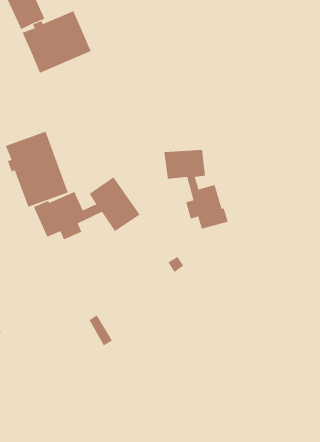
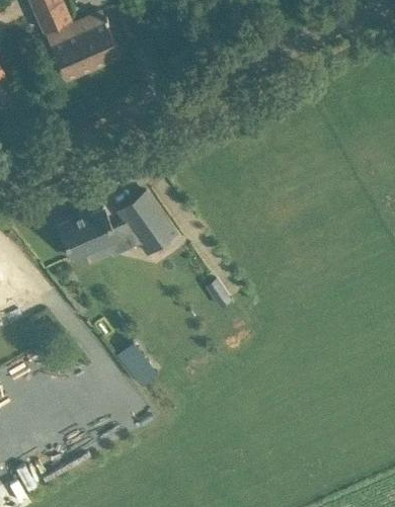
building: [5,131,69,208] -> none
building: [164,149,228,229] -> none

